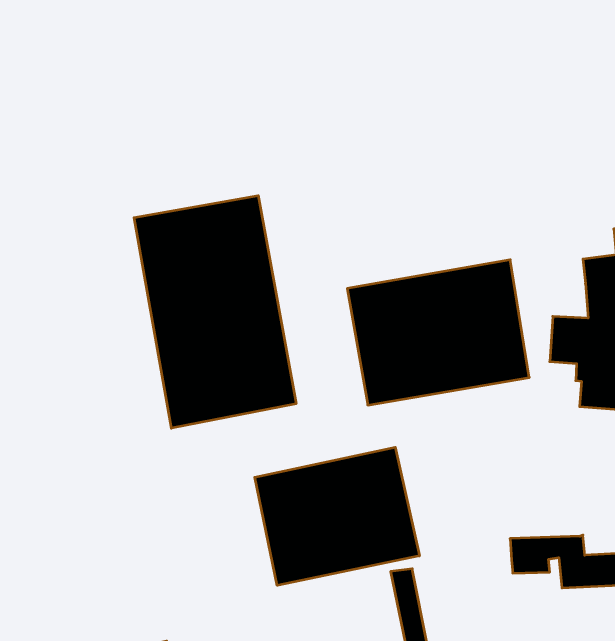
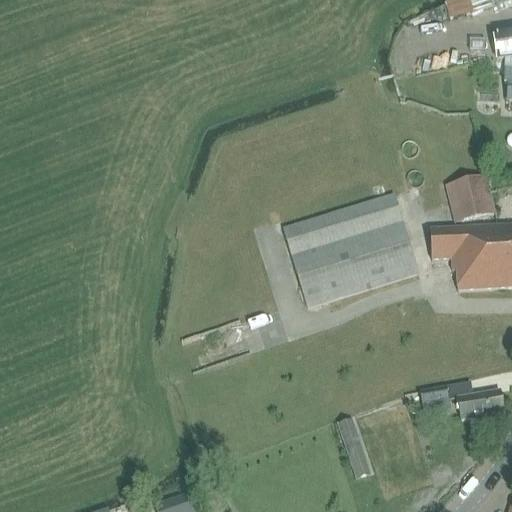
building: [134,196,296,428] -> none
building: [255,447,419,585] -> none

